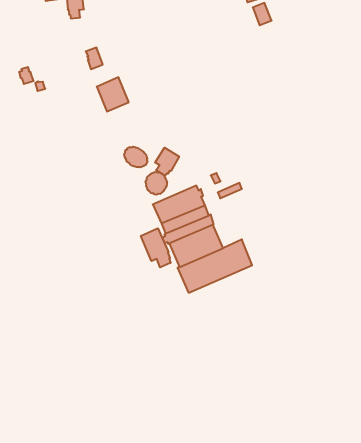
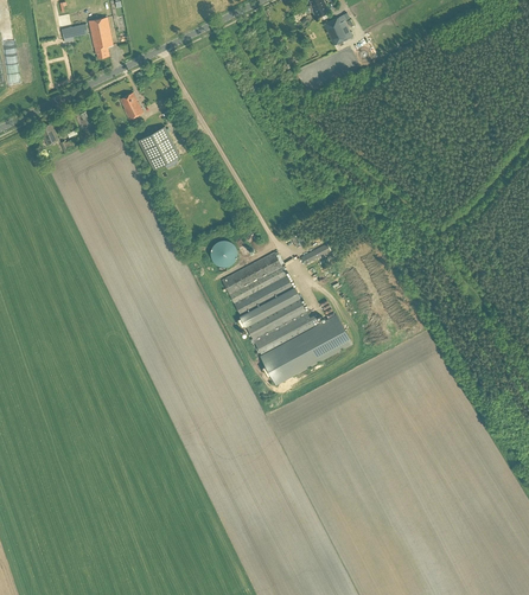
building: [124,147,147,167] -> none
building: [155,148,179,176] -> none
building: [141,228,171,267] -> none

